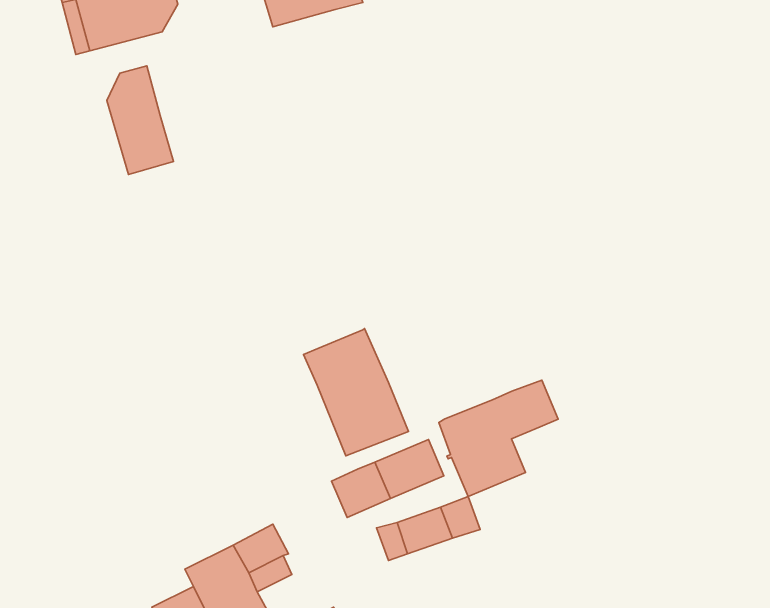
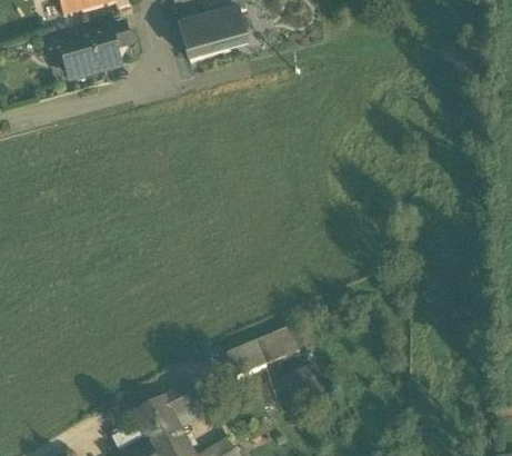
building: [107,66,173,174] -> none
building: [303,329,408,456] -> none
building: [439,380,558,497] -> none

